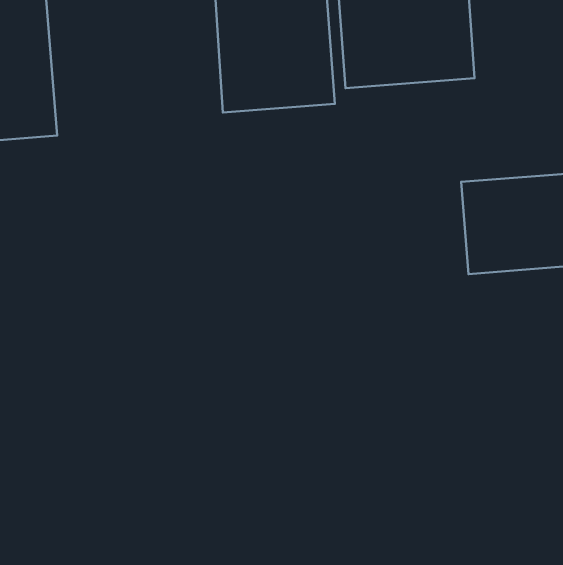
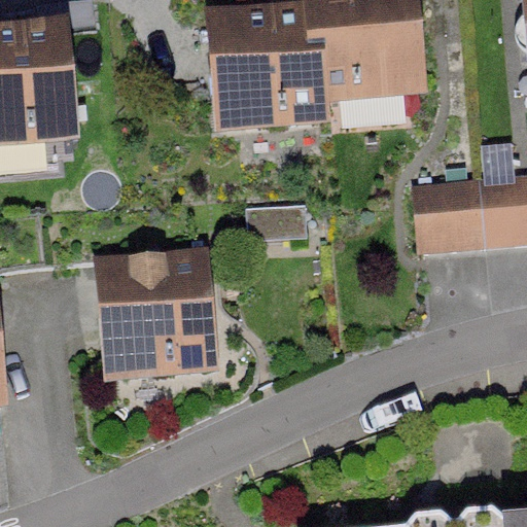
building: none -> [94,254,221,366]

